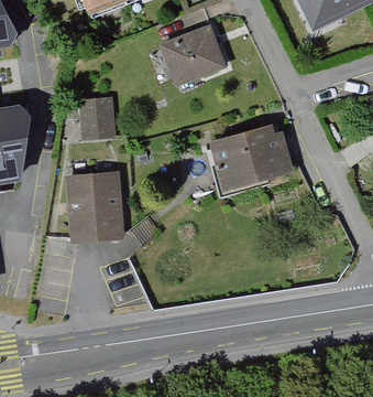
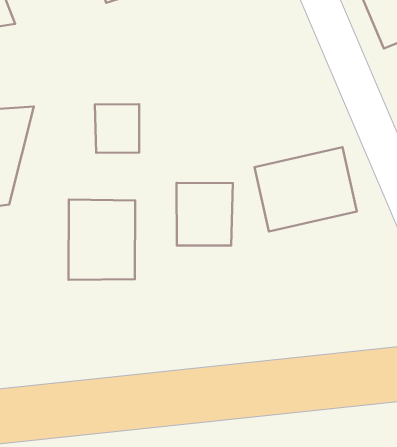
building: [158,24,230,86] -> none
building: none -> [177,183,233,246]

